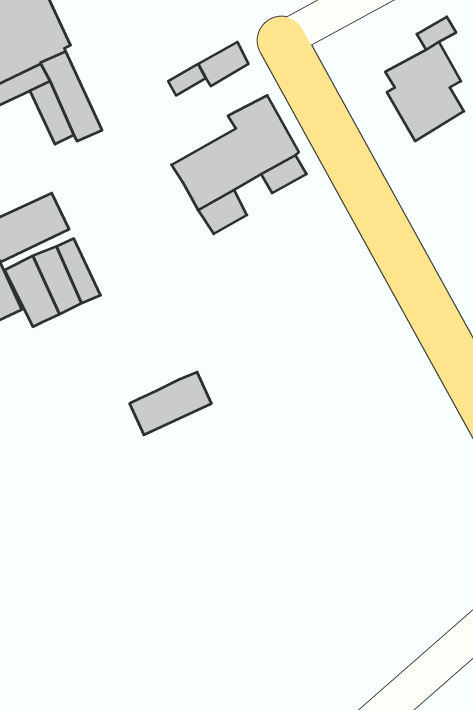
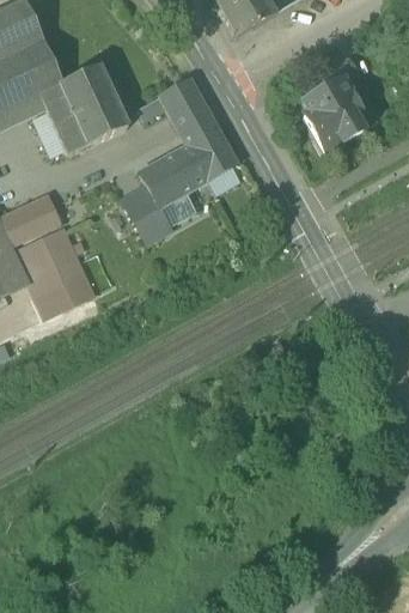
building: none -> [56,62,126,144]
building: none -> [167,93,210,133]
building: none -> [122,183,171,239]
building: [130,372,211,435] -> [32,269,94,317]

